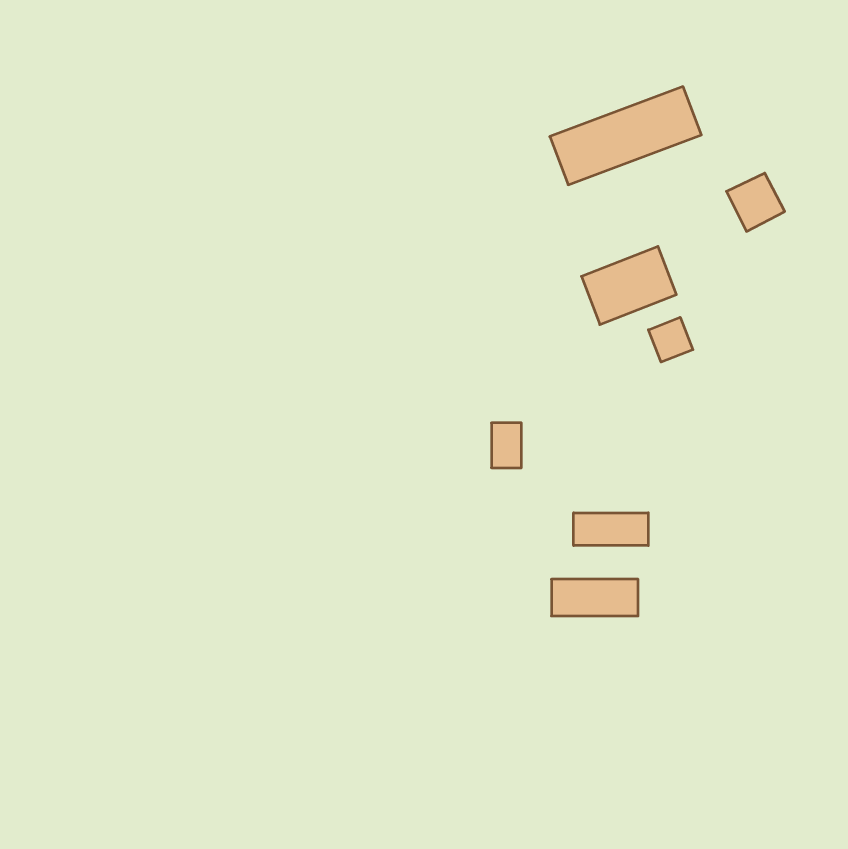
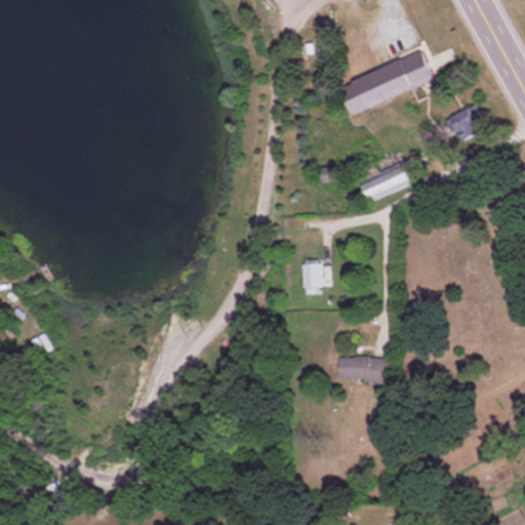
building: [648,317,693,362] -> none
building: [574,513,648,546] -> none

